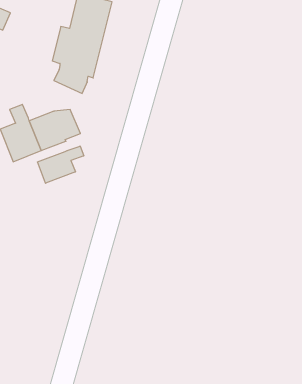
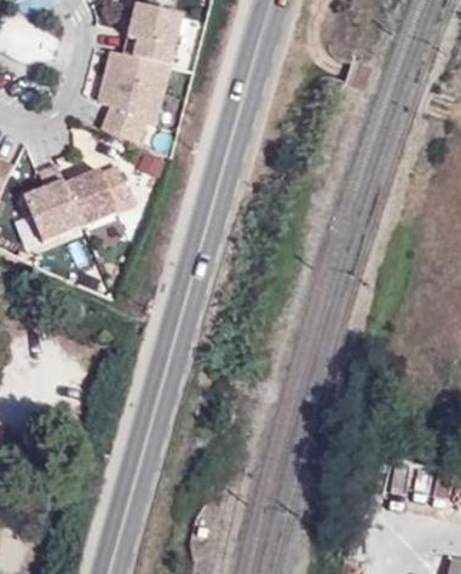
building: [37,146,84,183] -> none

